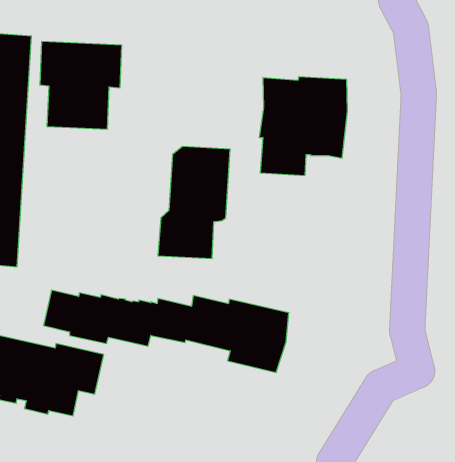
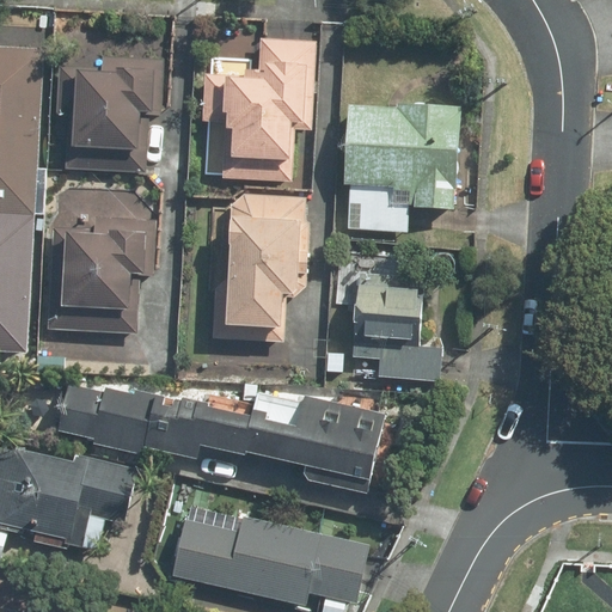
building: none -> [200,37,314,180]
building: none -> [43,191,157,332]
building: none -> [351,273,440,380]
building: none -> [171,516,367,604]

